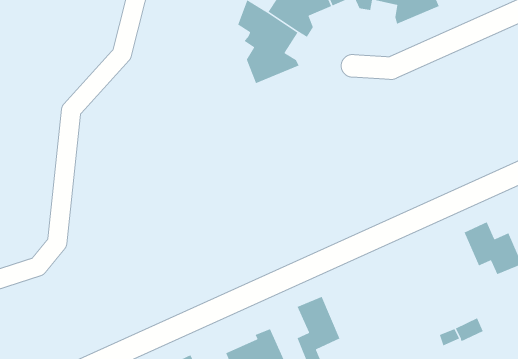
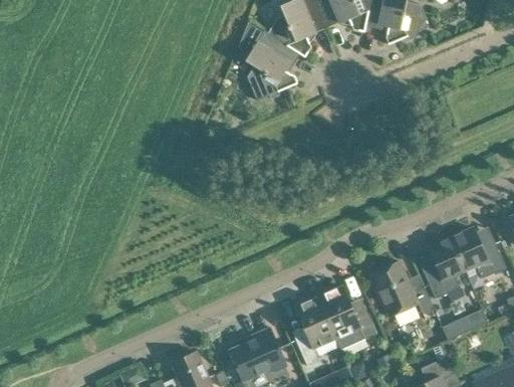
building: none -> [423,237,465,299]
building: none -> [370,260,435,317]
building: none -> [319,286,376,349]

